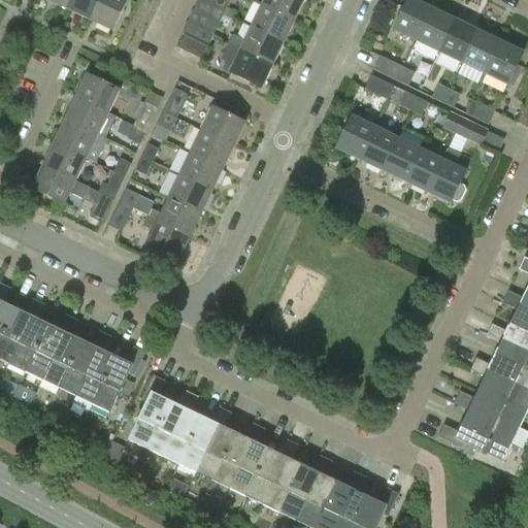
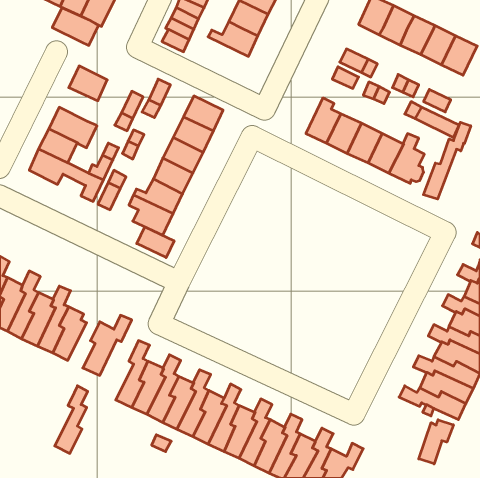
building: [221,40,272,86] -> none
building: [65,96,116,137] -> [52,8,98,45]
building: none -> [423,122,471,199]
building: none -> [137,227,174,258]
building: [74,329,110,403] -> [55,386,88,453]
building: none -> [419,420,453,464]

